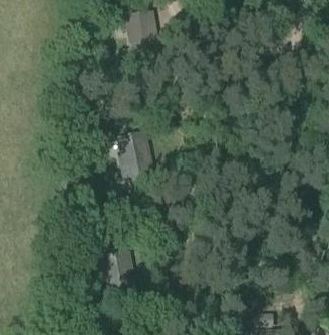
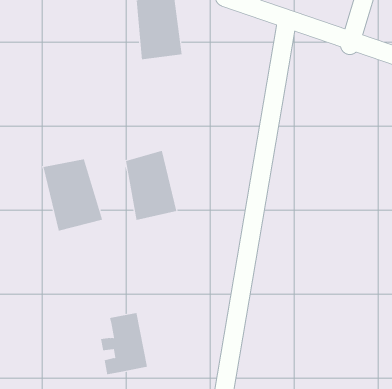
building: none -> [43,158,103,231]

